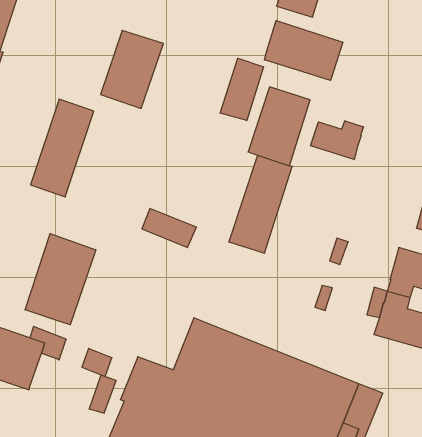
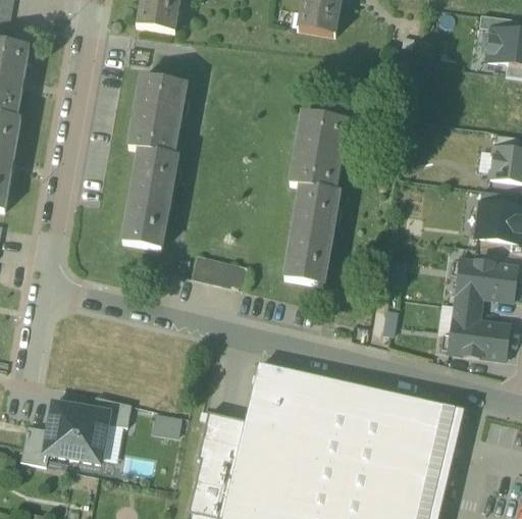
building: [264,20,343,80] -> none
building: [220,58,264,121] -> none
building: [31,99,94,197] -> [122,149,176,249]
building: [311,121,363,160] -> none
building: [25,233,96,325] -> none
building: [89,375,116,413] -> [100,423,123,462]

